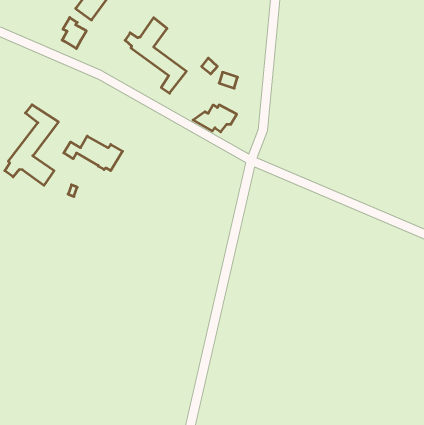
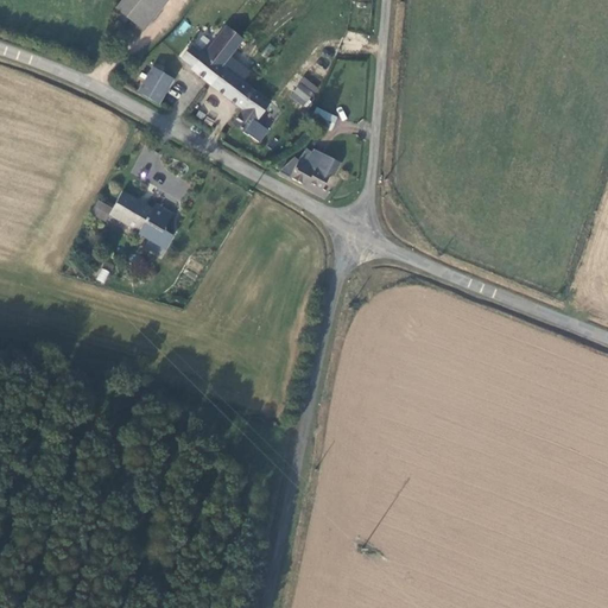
building: [62,17,86,49] -> [139,62,173,106]
building: [5,105,58,185] -> none

